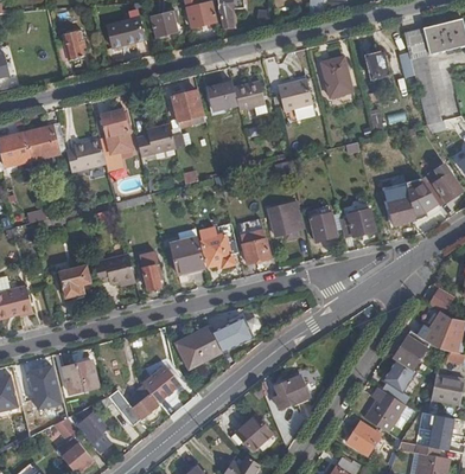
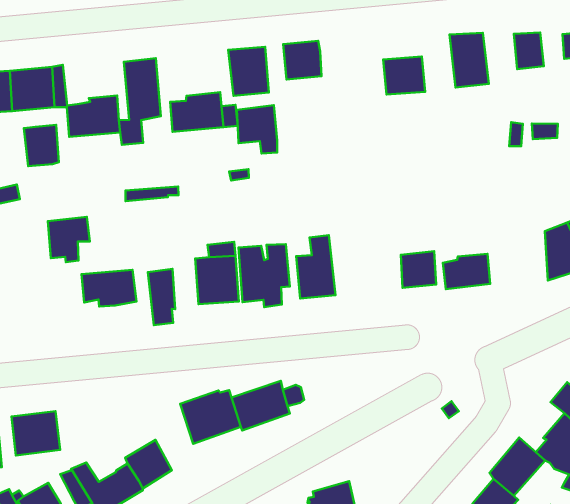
building: [234,79,266,114] -> [237,105,277,154]
building: none -> [24,125,59,166]
building: [384,186,413,224] -> none
building: [268,200,304,238] -> none
building: [57,265,88,299] -> [48,217,90,262]

